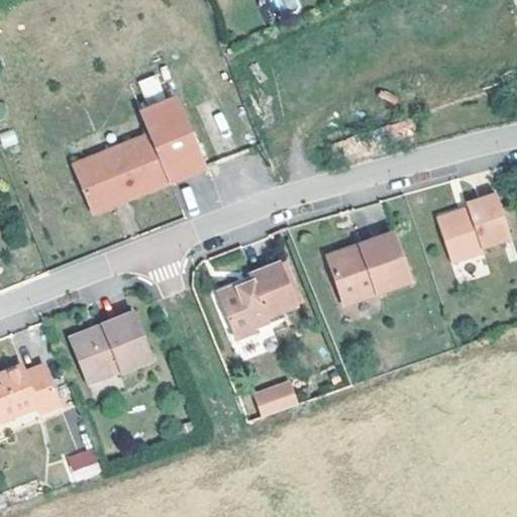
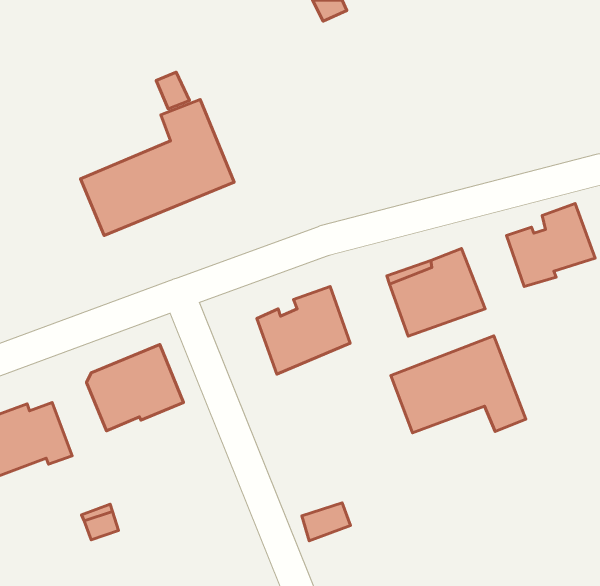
building: none -> [391,336,526,433]
building: [255,383,297,415] -> [302,503,350,541]

